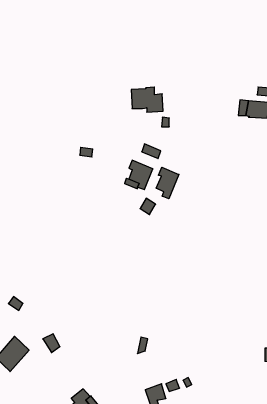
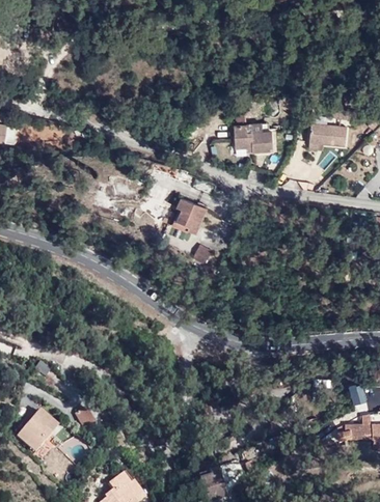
building: [131,87,163,112] -> [234,122,272,152]
building: [156,167,179,199] -> none

